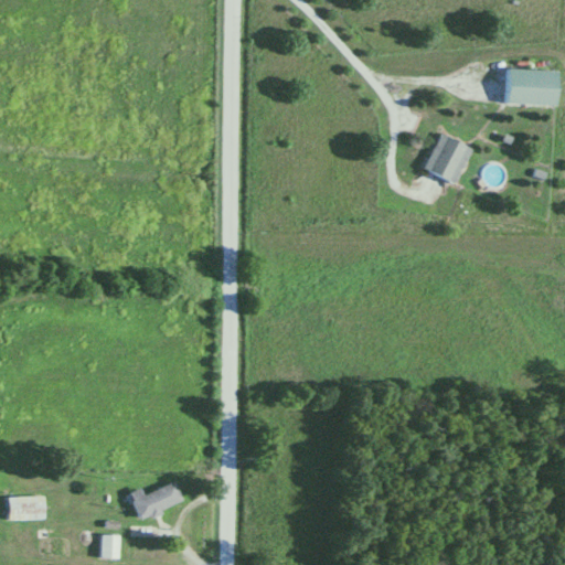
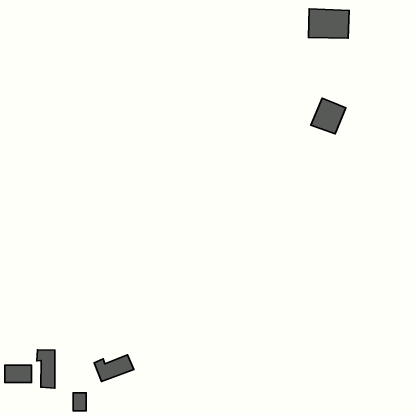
building: [504,68,559,108] -> [308,9,349,38]
building: none -> [37,350,55,388]

